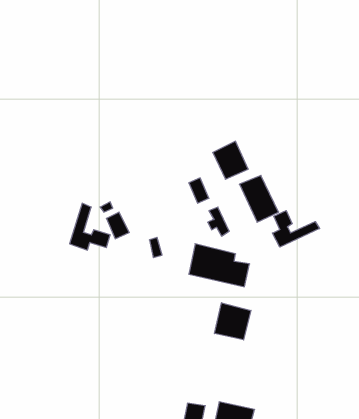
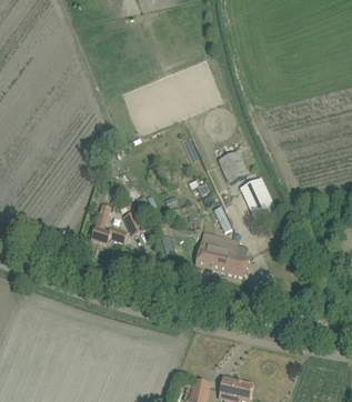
building: [272,211,320,247] -> none
building: [215,303,251,340] -> none

